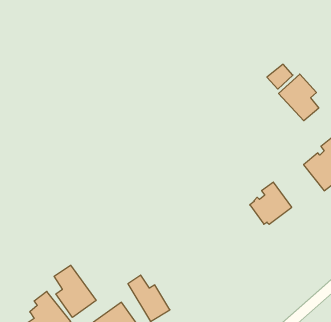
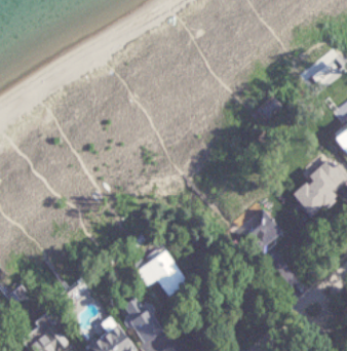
building: [279,74,319,121] -> none
building: none -> [133,247,186,297]
building: [54,265,96,317] -> none

